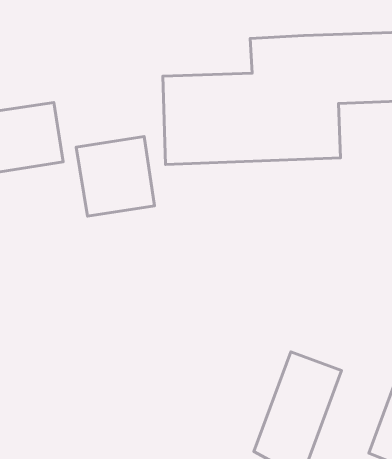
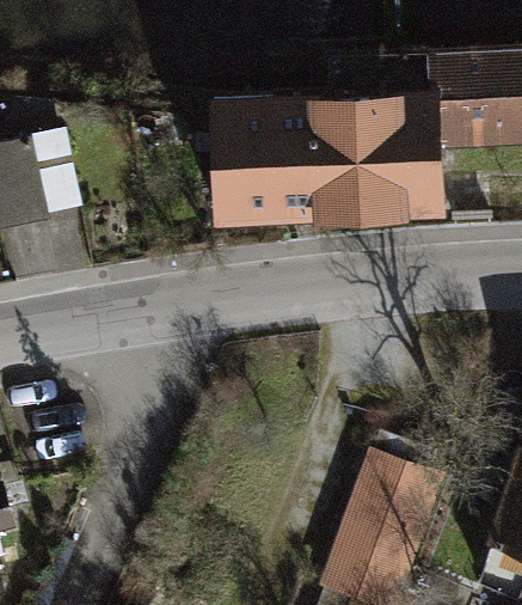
building: [76,137,155,216] -> none

